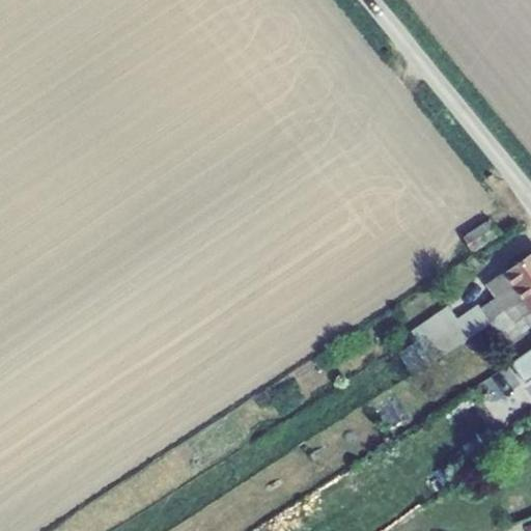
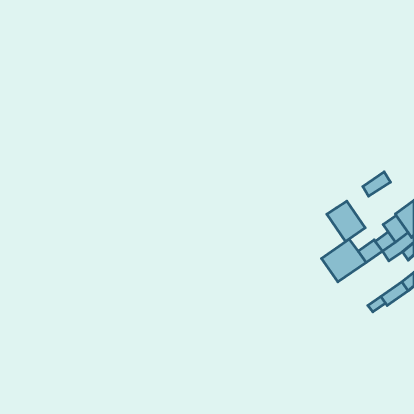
building: none -> [327,201,365,241]

